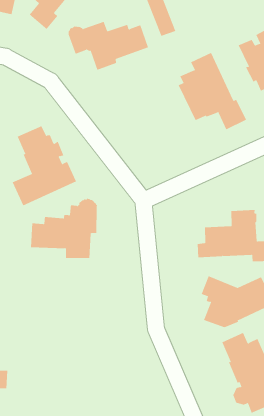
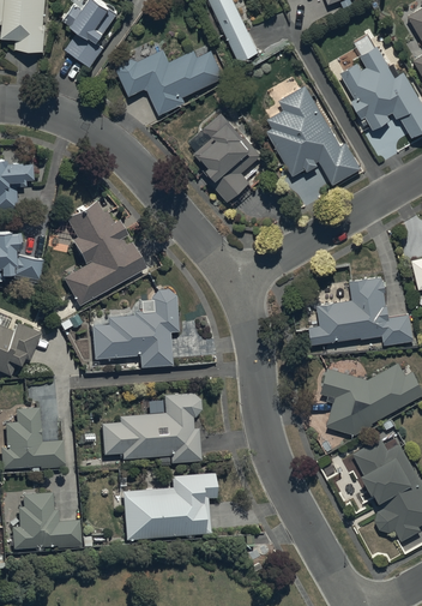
building: none -> [193,118,261,208]
building: none -> [102,391,201,462]
building: none -> [123,472,216,538]

